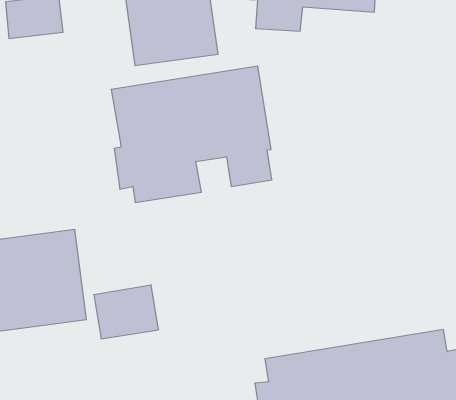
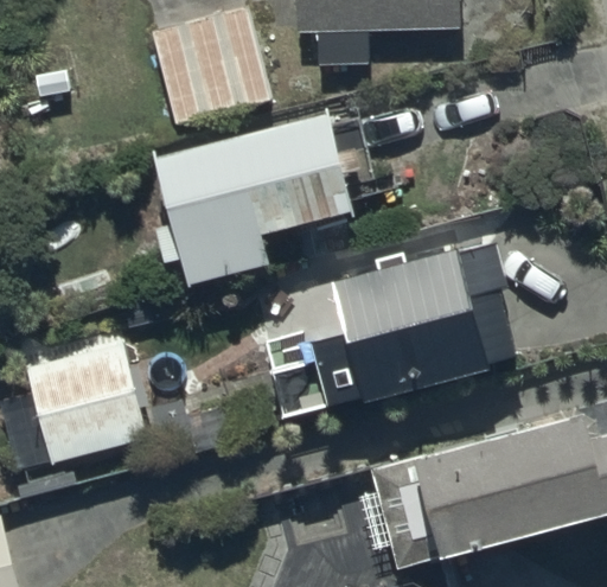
building: none -> [311,240,516,404]

